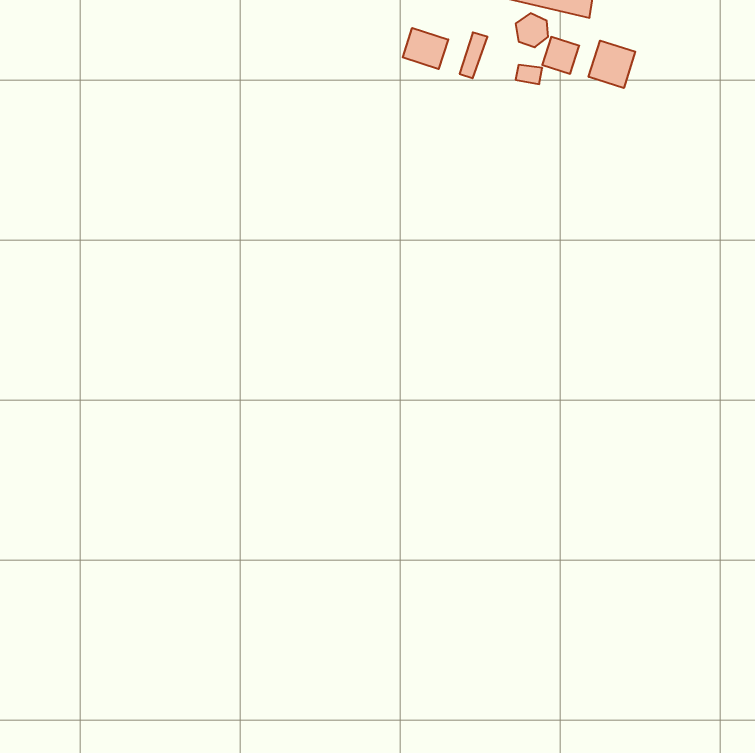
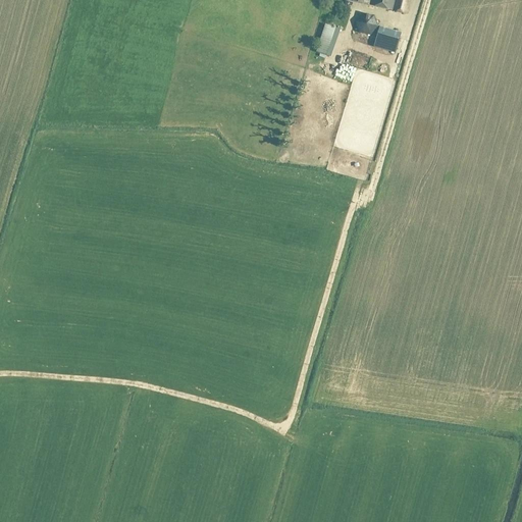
building: [403,28,448,69] -> none
building: [589,41,635,88] -> none

